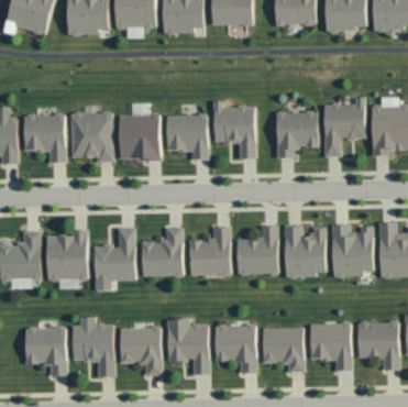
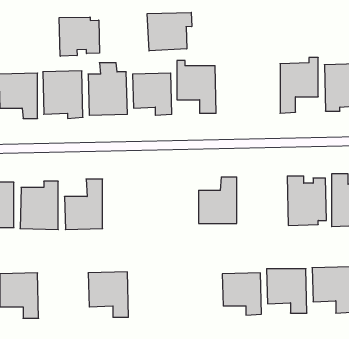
building: none -> [147,12,192,51]
building: none -> [59,17,99,56]
building: [275,111,318,157] -> none
building: [188,227,230,276] -> none
building: [284,227,326,278] -> none
building: [141,228,183,276] -> none
building: [71,318,113,377] -> none
building: [167,319,209,374] -> none
building: [214,326,256,373] -> none

